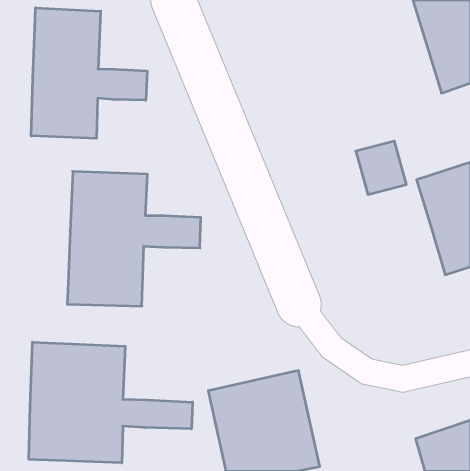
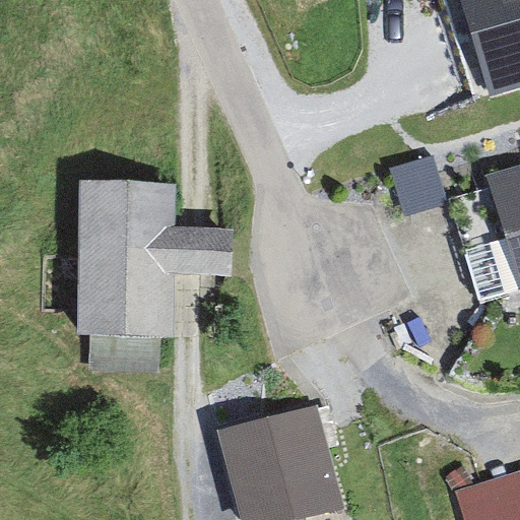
building: [31,8,147,138] -> none
building: [29,342,193,463] -> none

